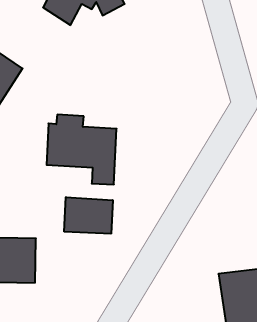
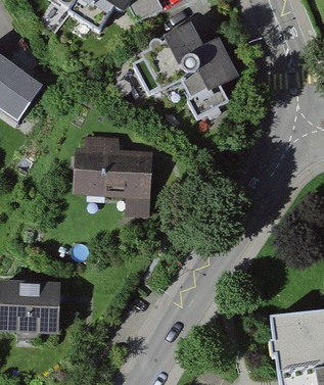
building: none -> [135,25,238,117]
building: [64,197,113,234] -> none

